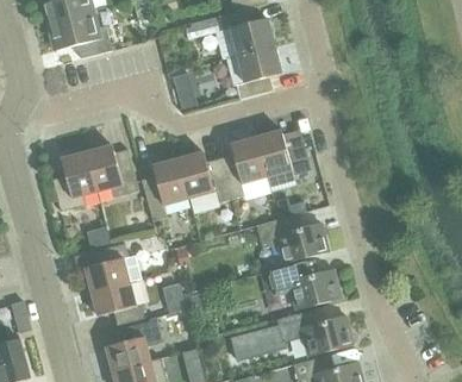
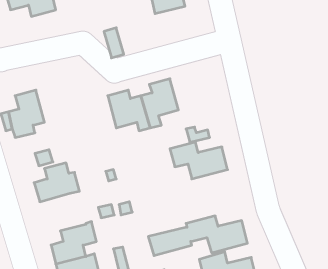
building: [224,45,281,99] -> none
building: [255,130,310,177] -> none
building: [86,145,138,196] -> none
building: [141,158,187,220] -> none
building: [267,263,341,309] -> none
building: [90,281,144,325] -> none

